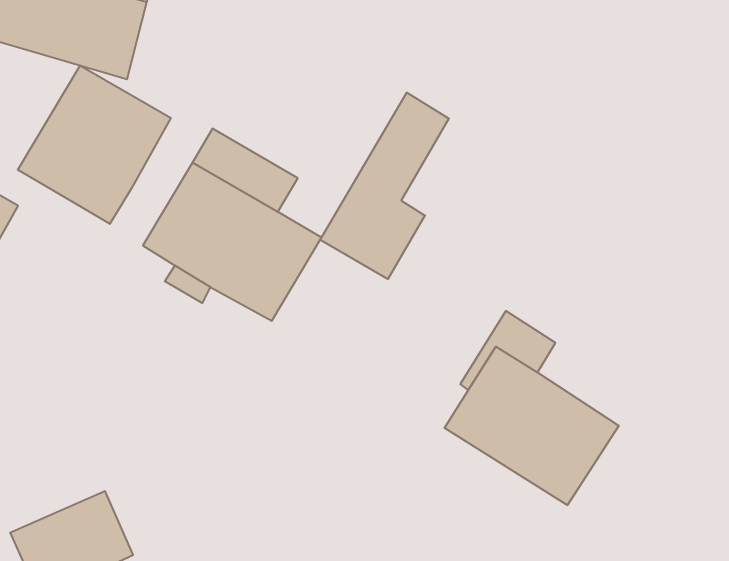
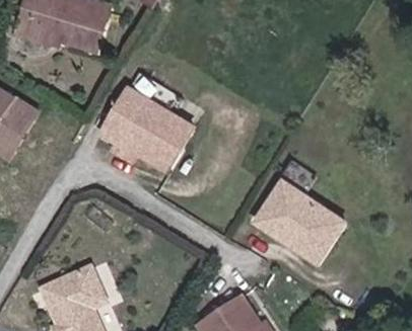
building: [18,65,171,224] -> none
building: [320,92,449,279] -> none

